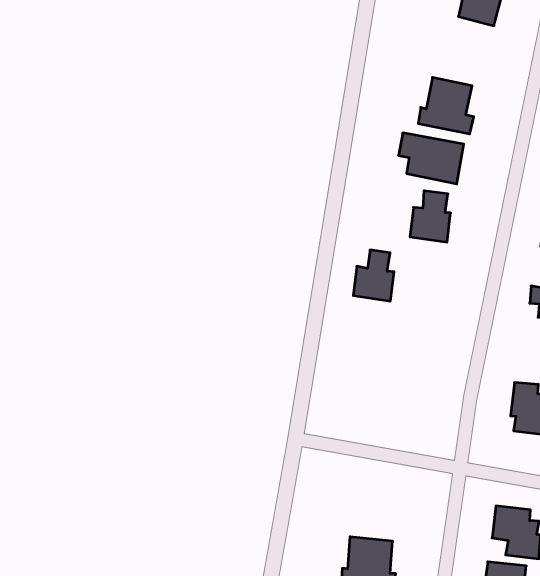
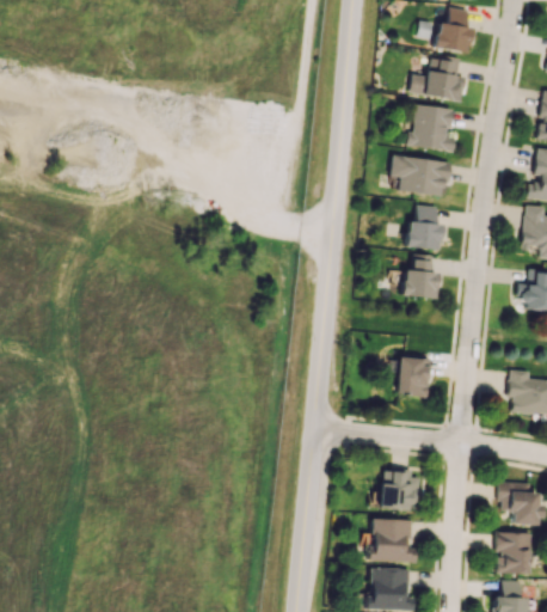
building: none -> [410,56,465,102]
building: [353,250,394,301] -> [401,255,436,299]
building: none -> [397,357,429,396]
building: none -> [380,472,418,510]

